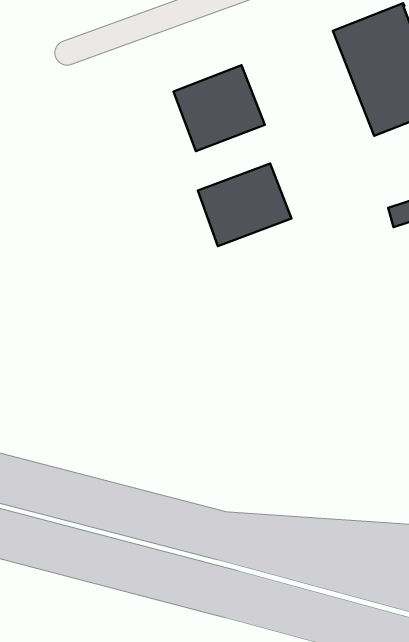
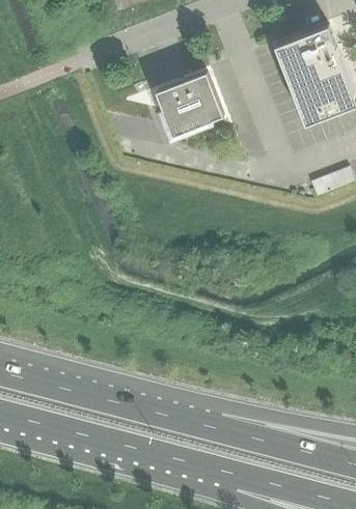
building: [198,164,291,246] -> none

